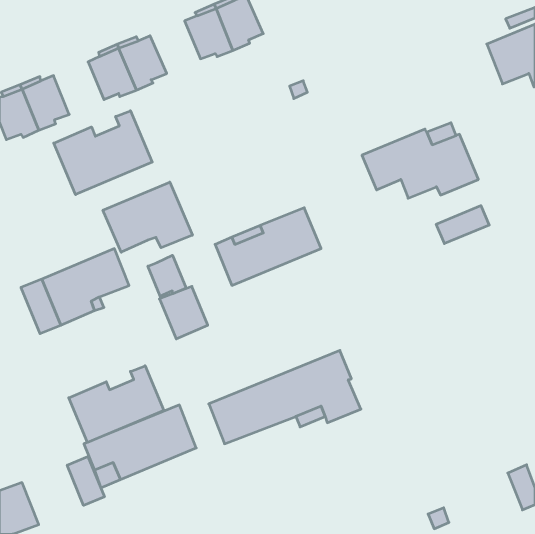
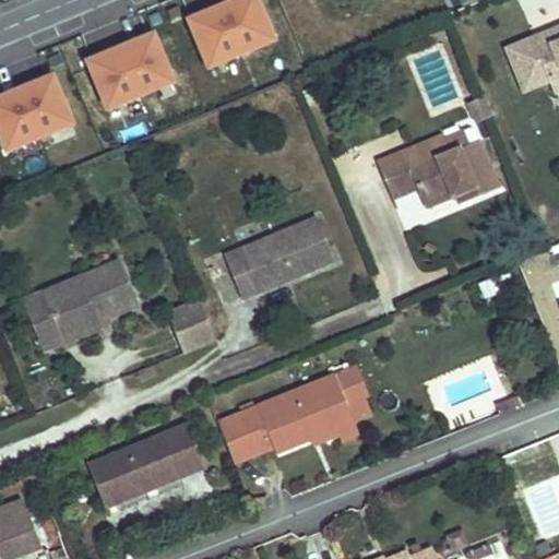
building: [54,111,152,195] -> none
building: [103,182,192,252] -> none
building: [436,206,489,244] -> none
building: [148,255,186,296] -> none
building: [69,366,164,442] -> none
building: [67,456,104,505] -> none

